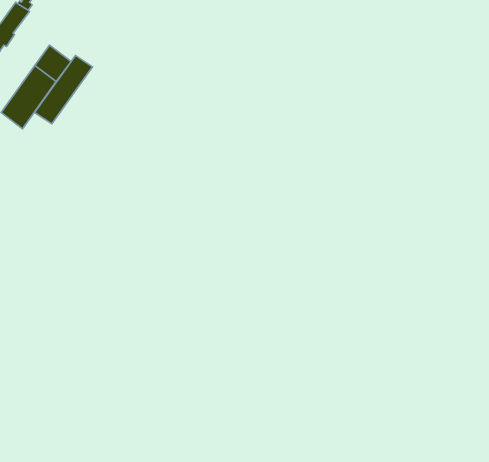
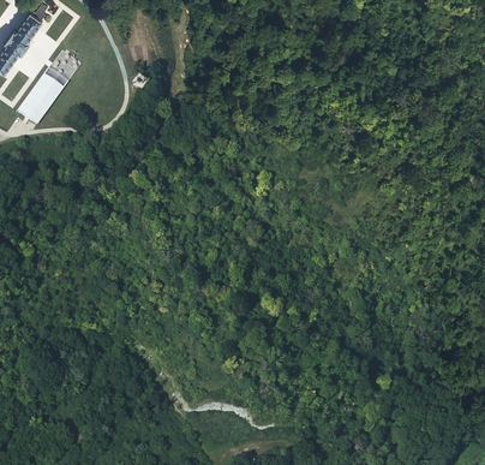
building: [35,55,93,124] -> none

